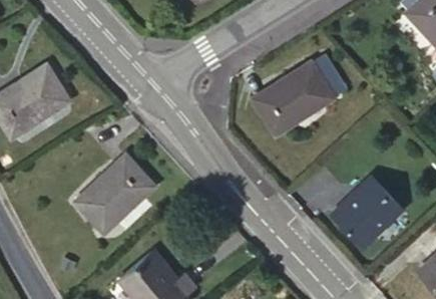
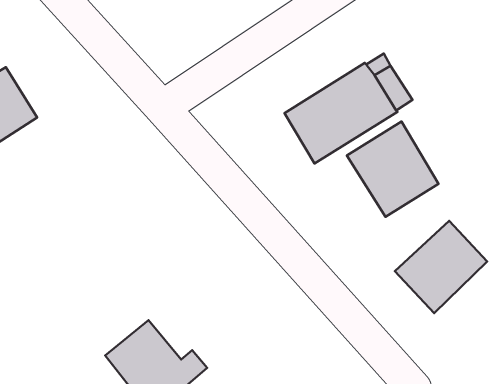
building: none -> [347,121,438,217]
building: [75,156,152,233] -> none

